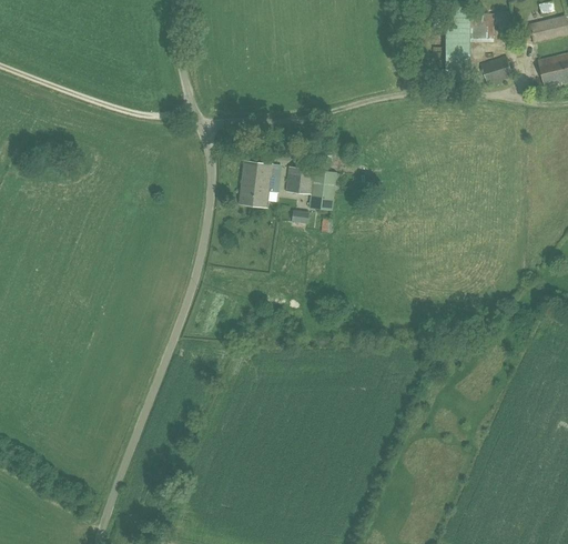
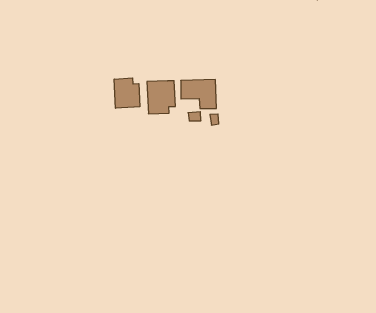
building: none -> [114,78,140,108]

